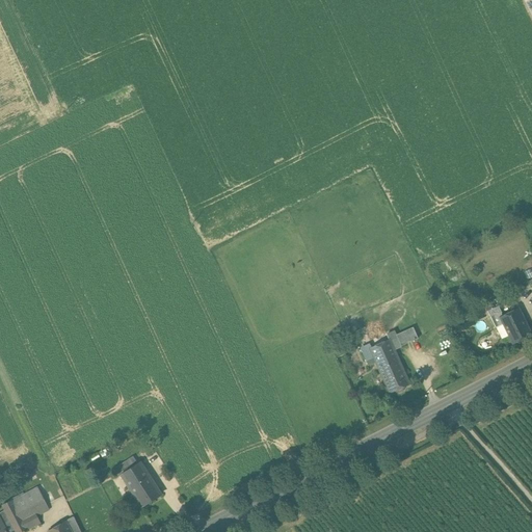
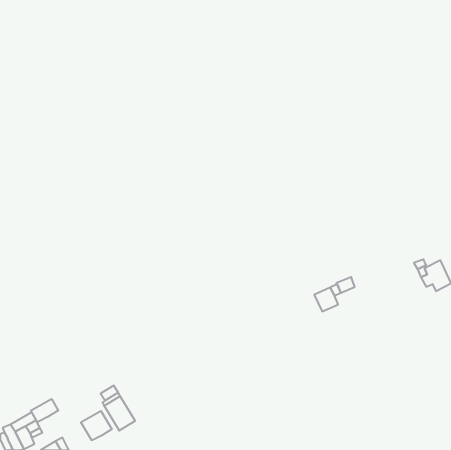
building: [379,358,409,392] -> none
building: none -> [31,399,58,422]
building: none -> [81,411,112,440]

